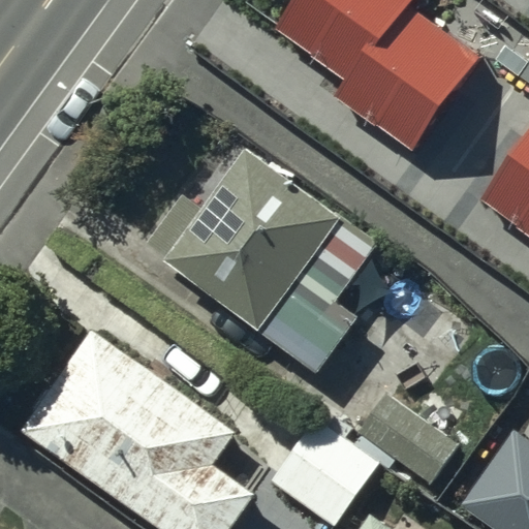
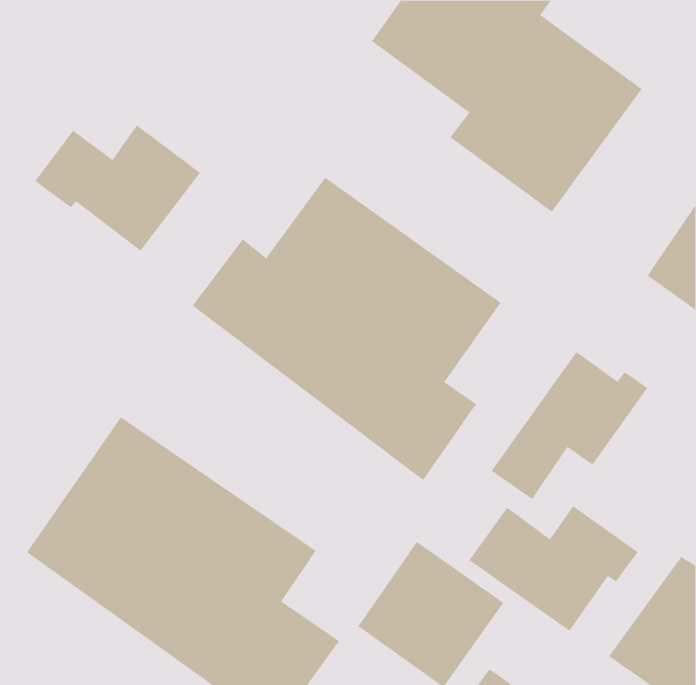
building: none -> [34,125,201,251]
building: none -> [491,351,648,500]

